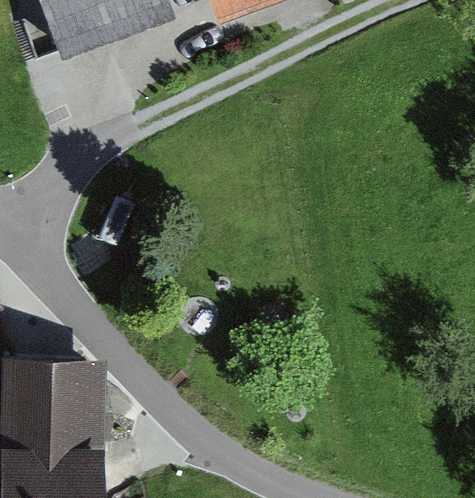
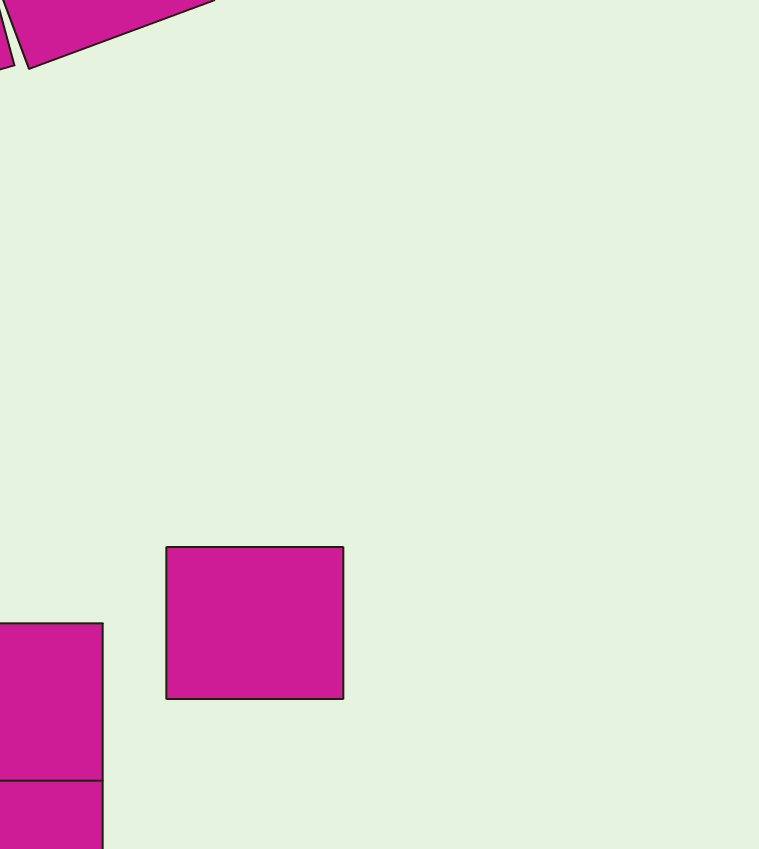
building: none -> [167,547,343,699]

